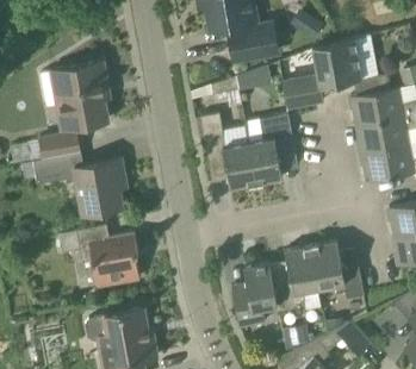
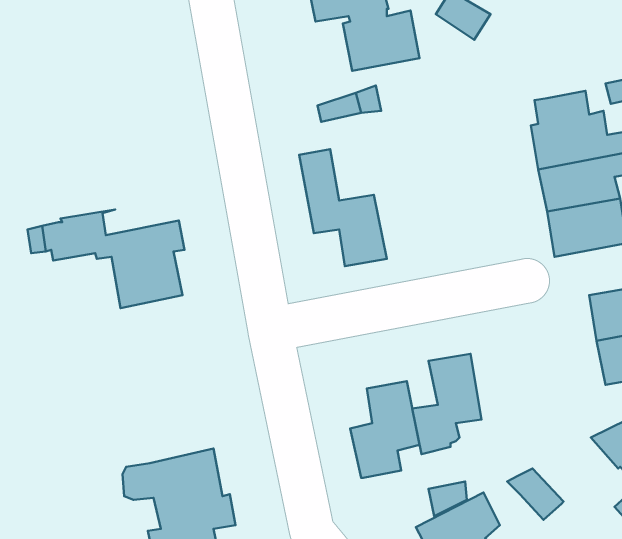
building: [281,39,361,110] -> none
building: [50,62,110,129] -> none
building: [244,114,294,185] -> none
building: [38,133,79,161] -> none
building: [58,225,139,287] -> none
building: [311,242,364,299] -> none

